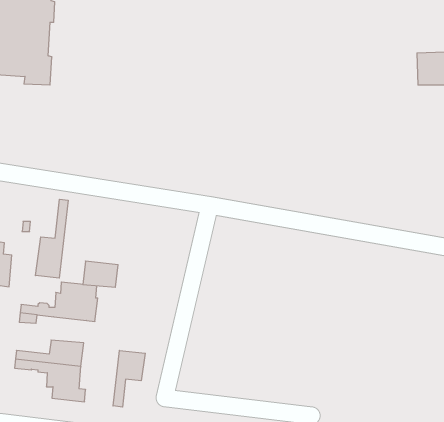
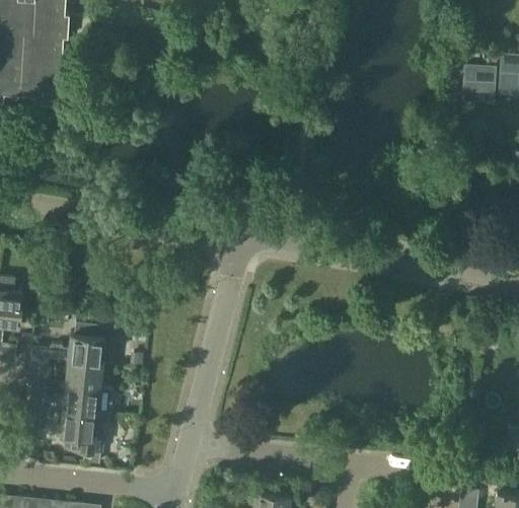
building: [35,199,68,278] -> none
building: [83,261,118,287] -> [64,360,102,388]
building: [113,350,145,407] -> none

